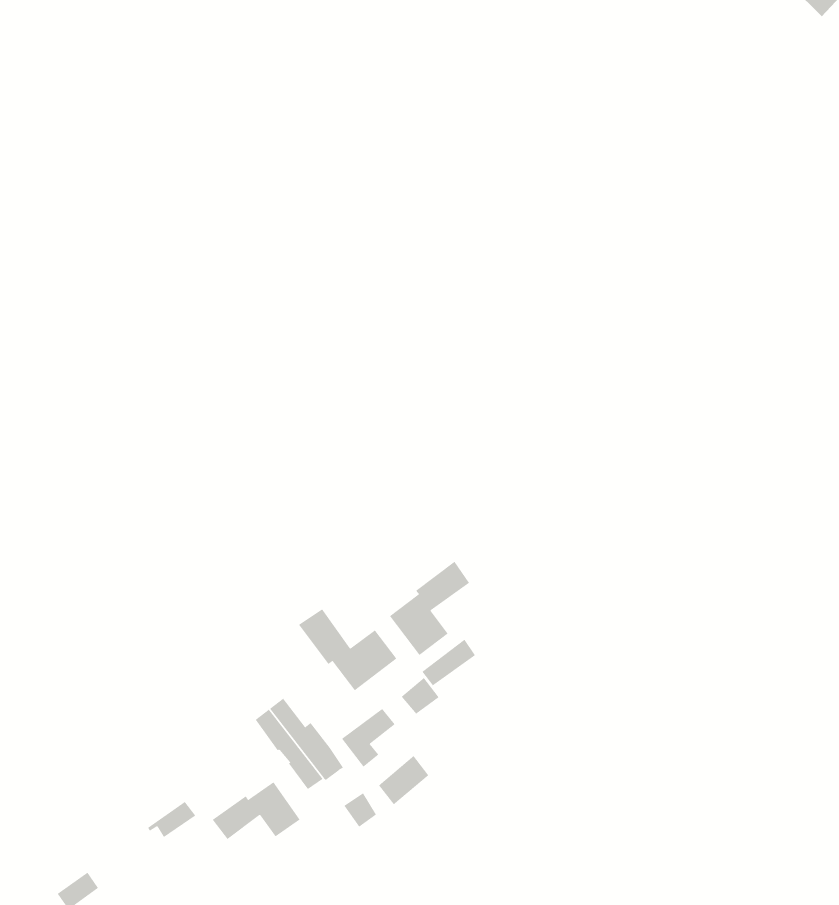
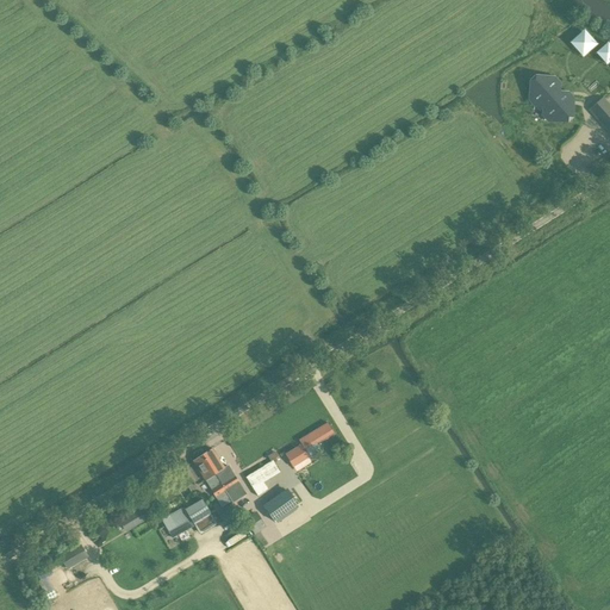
building: none -> [535,80,571,117]
building: [389,561,470,656] -> none
building: [298,608,397,691] -> none

